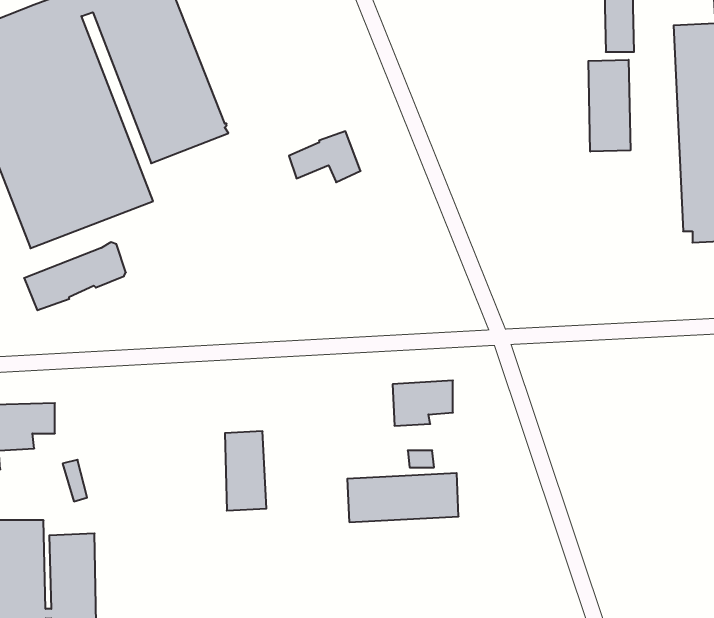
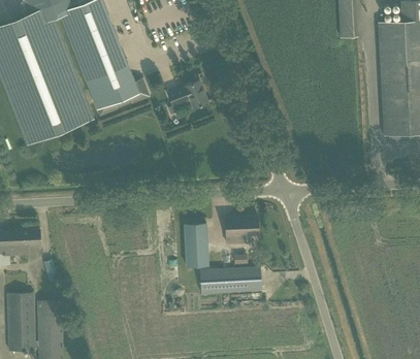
building: [588,60,630,152] -> none
building: [24,242,126,310] -> [92,78,148,116]
building: [225,431,266,511] -> [184,224,206,267]

